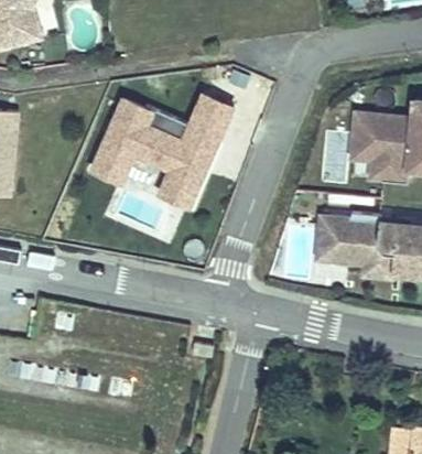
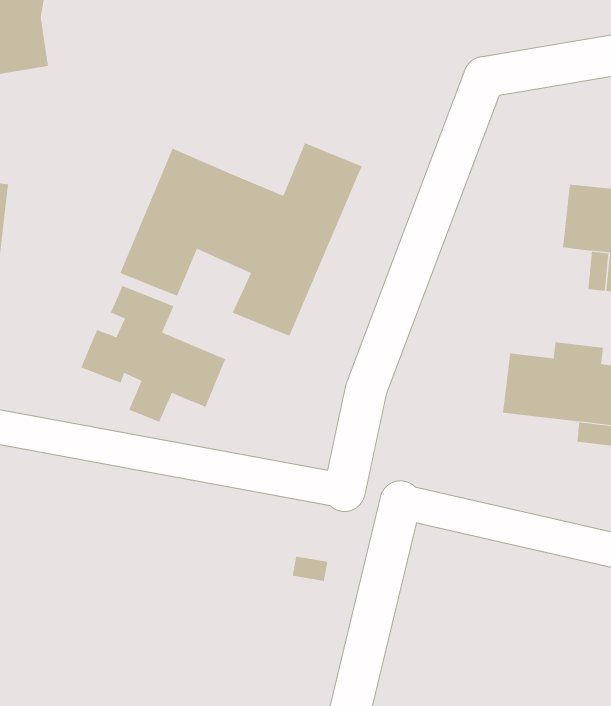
building: none -> [80,285,226,423]

